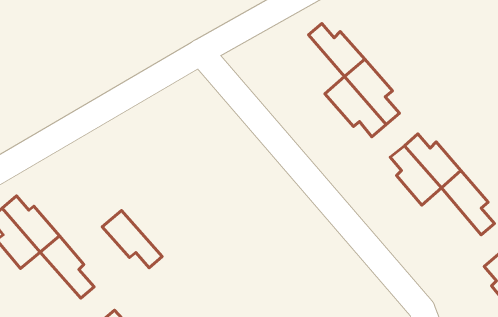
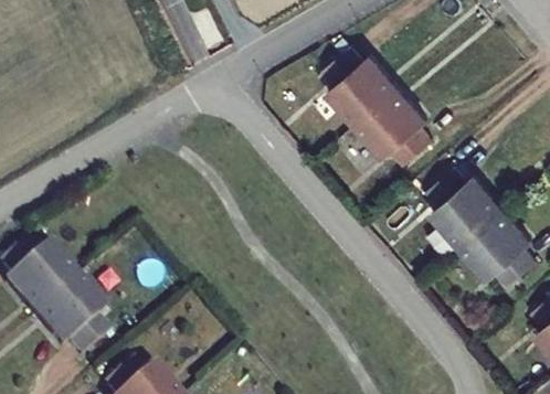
building: none -> [326,57,380,121]
building: none -> [464,223,528,286]
building: [102,211,162,268] -> [30,292,95,354]

